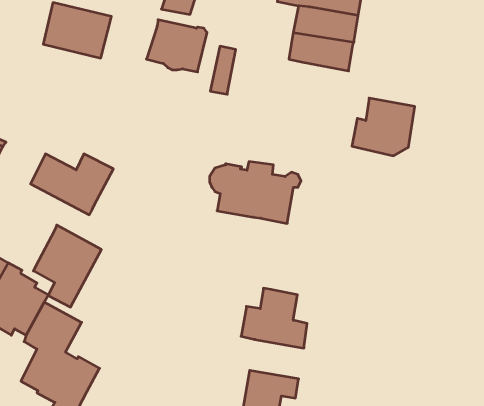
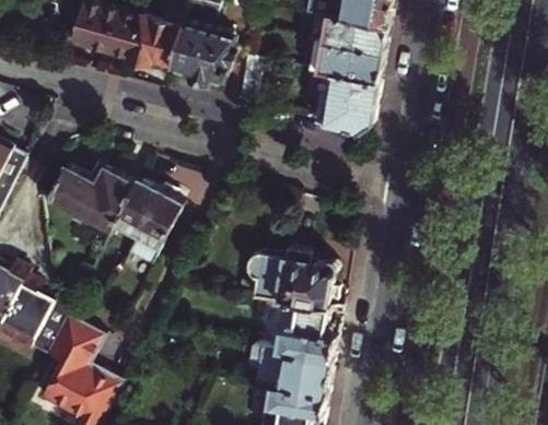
building: none -> [123,23,180,72]
building: [352,98,415,156] -> [313,70,377,129]
building: [210,162,301,223] -> [245,245,339,308]
building: [33,225,101,307] -> [114,174,184,258]
building: none -> [276,354,331,394]

